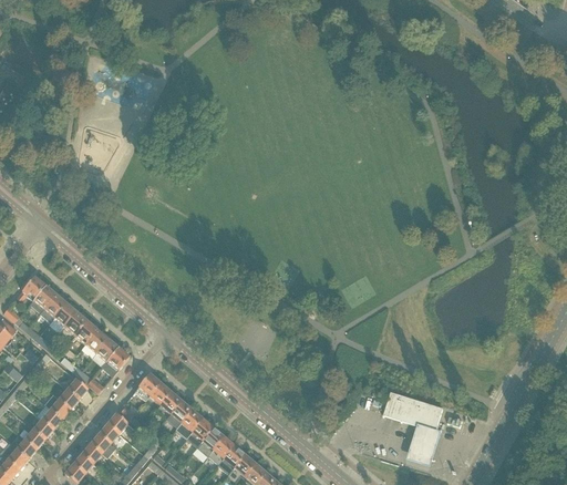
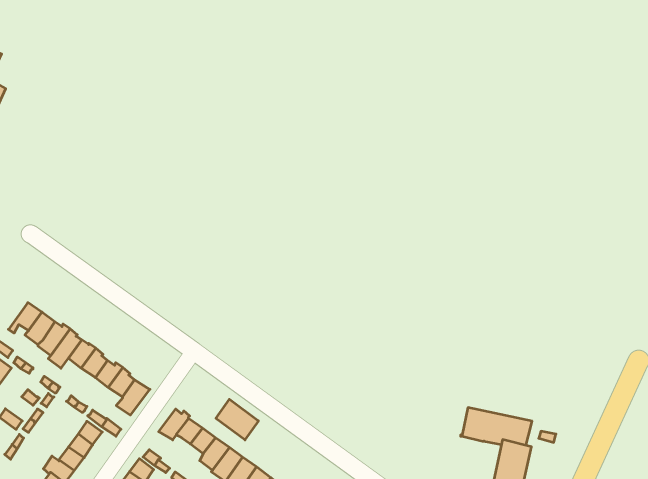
building: none -> [216,399,258,440]

